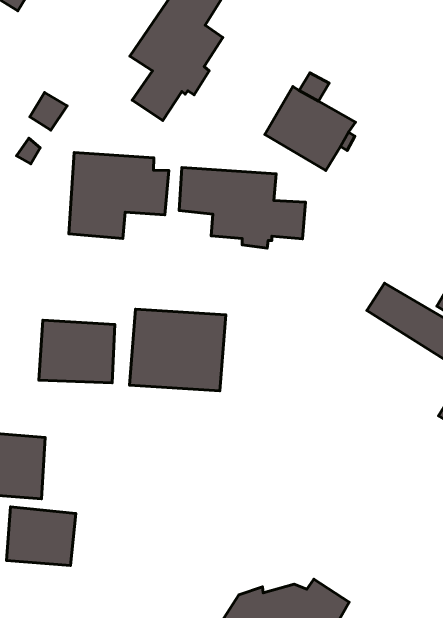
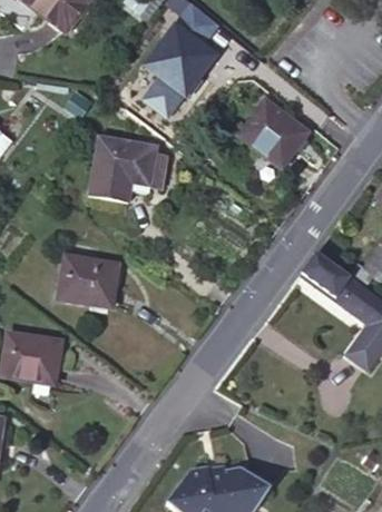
building: [179,167,306,248] -> none
building: [129,309,226,391] -> none
building: [7,507,76,566] -> none

